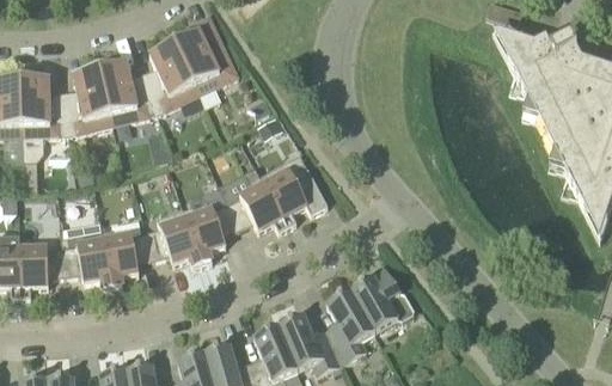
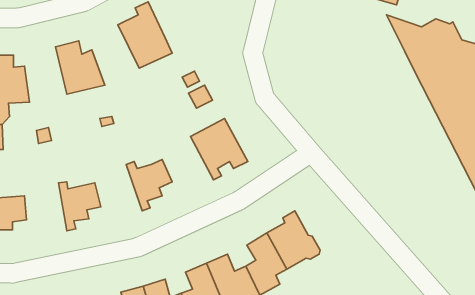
building: [142,39,198,111] -> none
building: [62,66,112,131] -> none
building: [226,163,287,228] -> none
building: [146,206,202,264] -> none
building: [60,219,112,287] -> none

